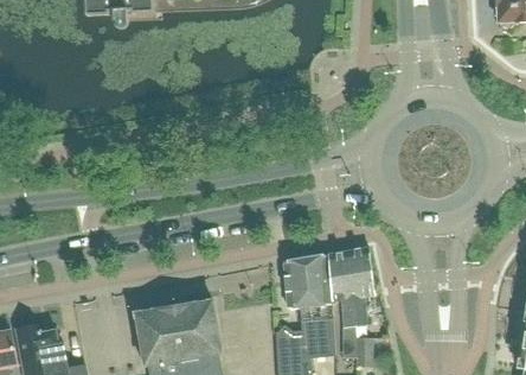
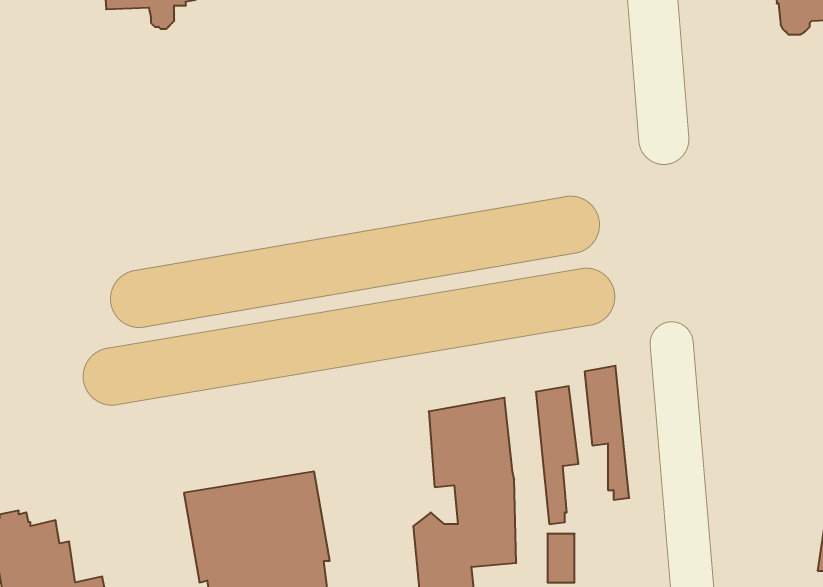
building: [329,250,357,332] -> [585,366,629,500]

